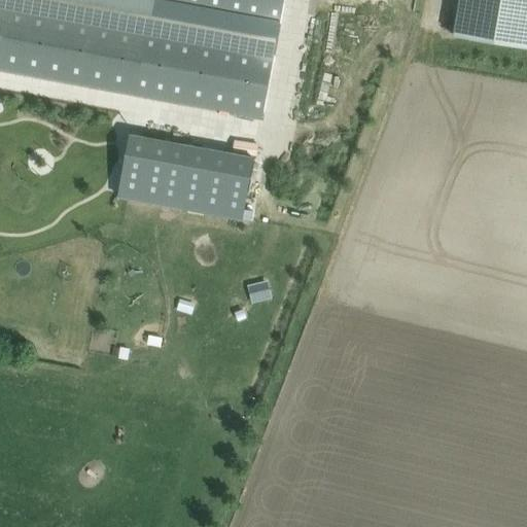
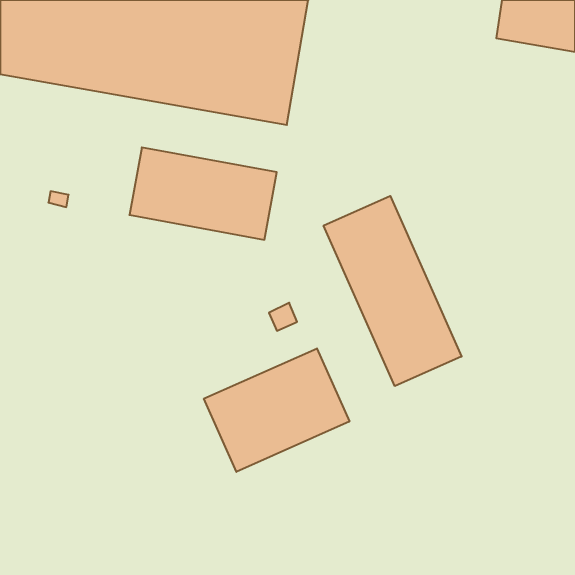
building: none -> [324,196,462,386]
building: none -> [204,348,349,472]

